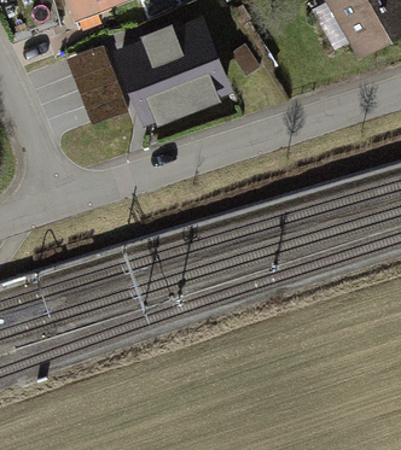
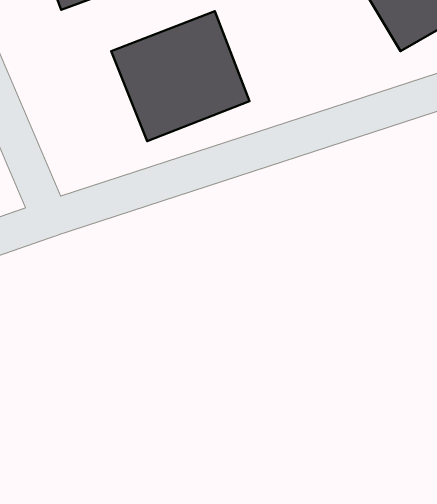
building: [66,46,127,127] -> none

